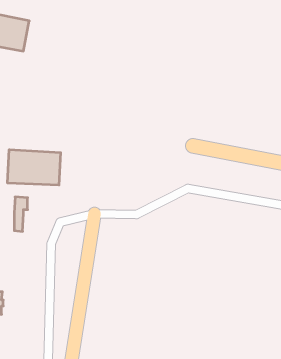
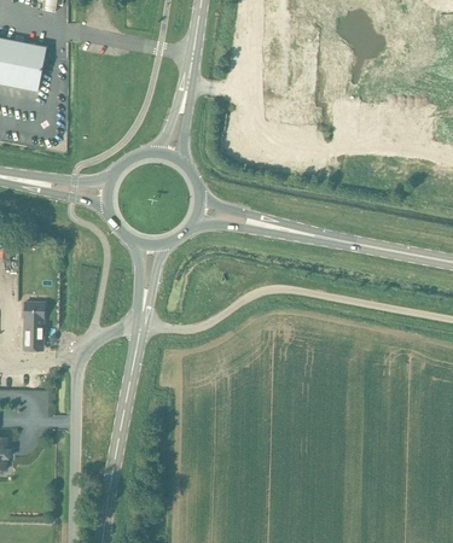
building: [8,150,61,185] -> none

